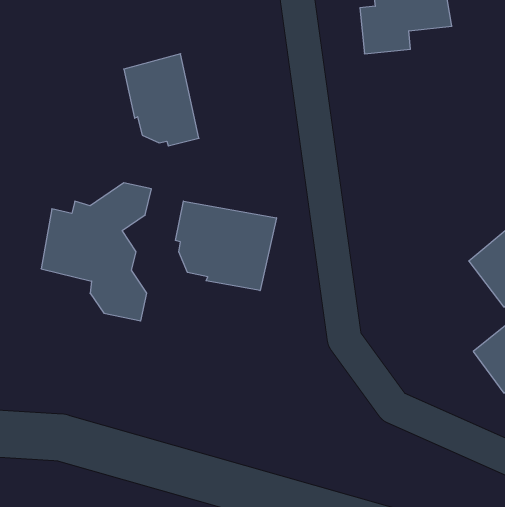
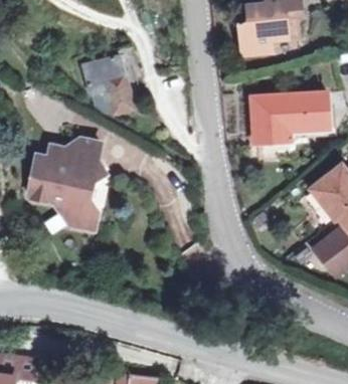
building: none -> [251,93,327,142]
building: [175,201,276,291] -> none

